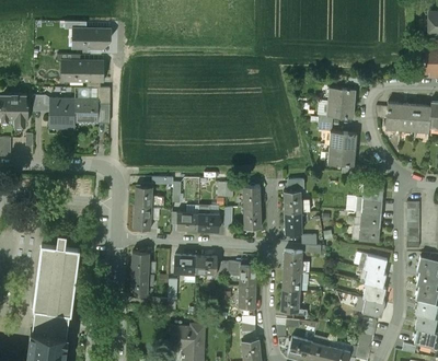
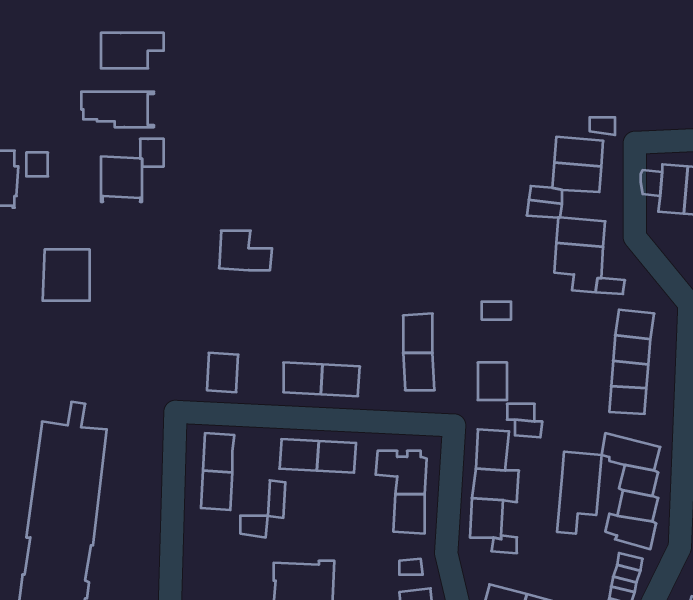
building: [48,98,74,127] -> [43,250,90,301]
building: [135,187,164,209] -> [219,231,272,270]
building: [284,191,310,213] -> none
building: none -> [557,452,601,534]

